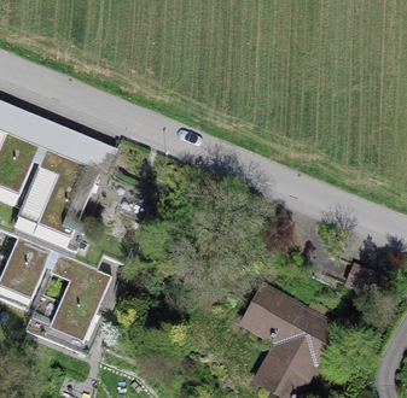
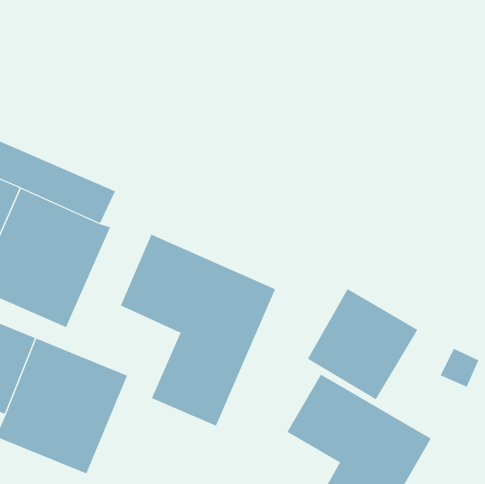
building: none -> [120,234,276,426]
building: none -> [307,288,418,400]

